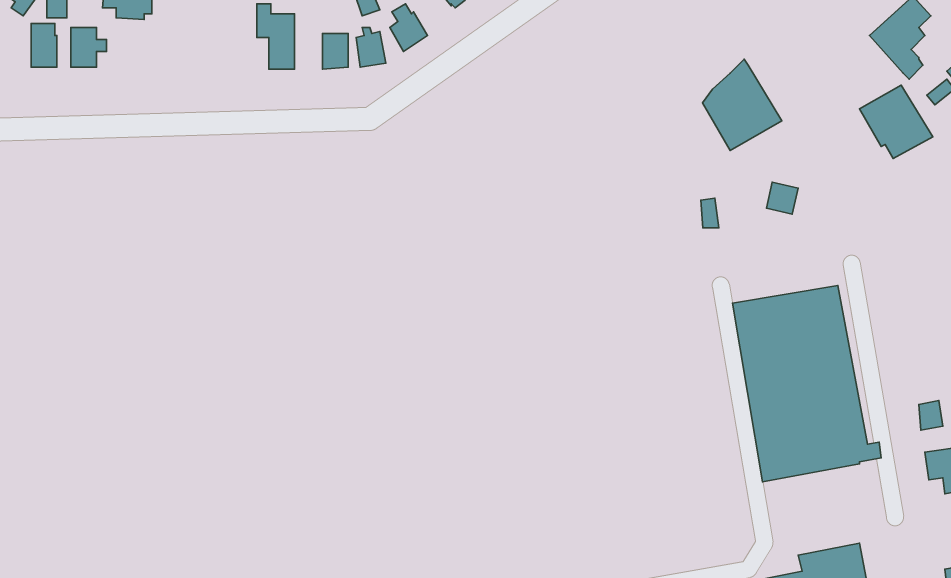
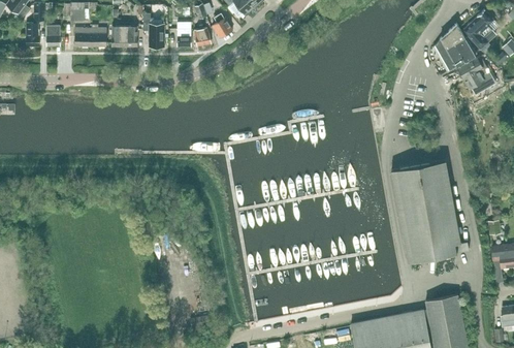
building: none -> [111,17,136,48]
building: none -> [74,25,106,46]
building: [703,59,782,151] -> [435,23,476,70]

